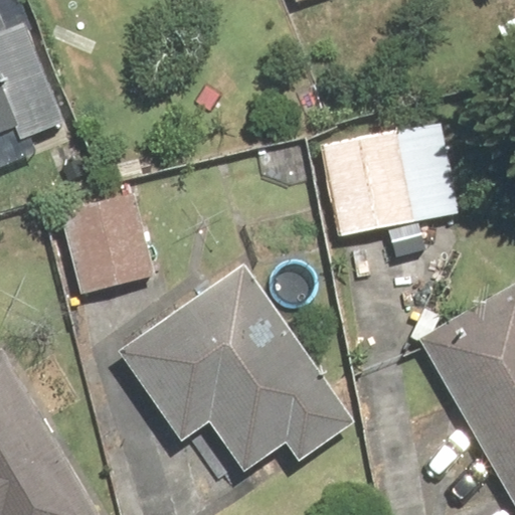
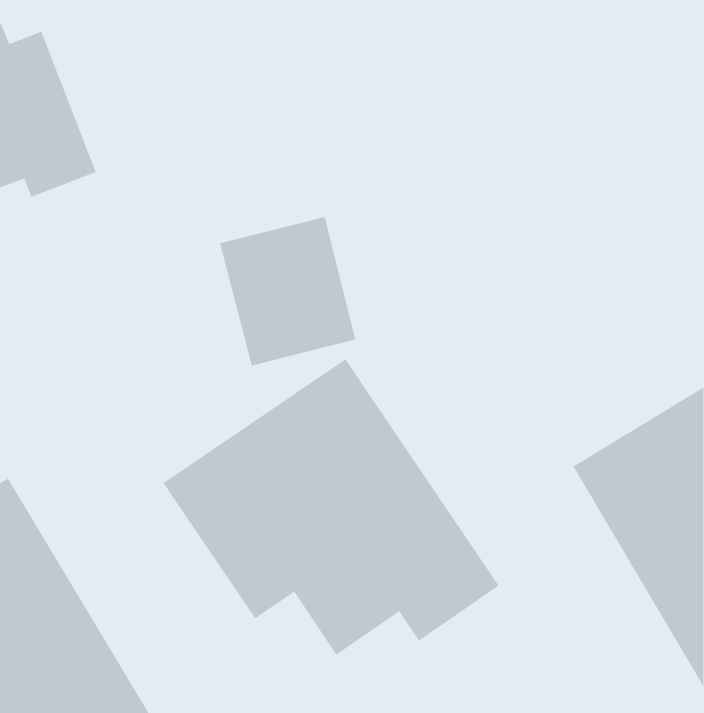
building: [315,121,463,239] -> none
building: [58,191,157,299] -> [219,216,356,366]

